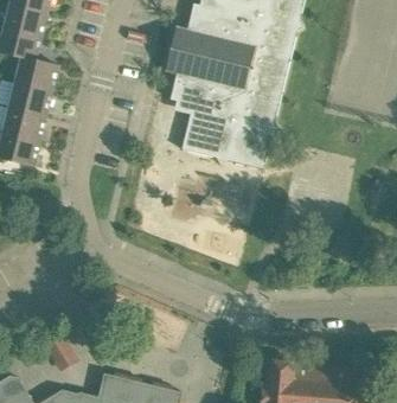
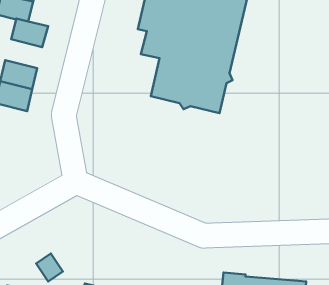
building: [7,81,51,115] -> none

